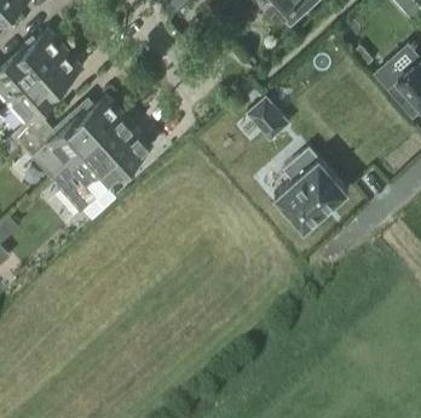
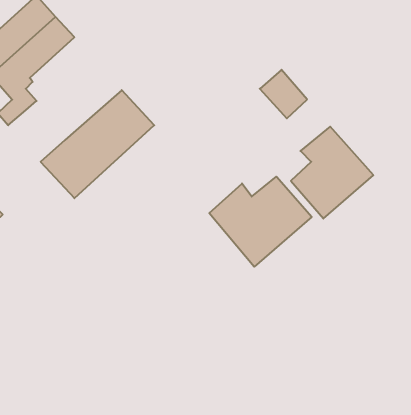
building: [22,97,123,181] -> none
building: none -> [209,177,312,267]

